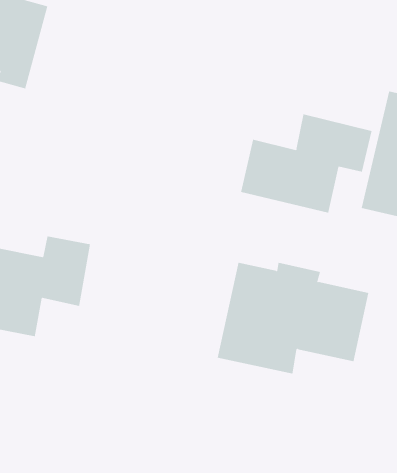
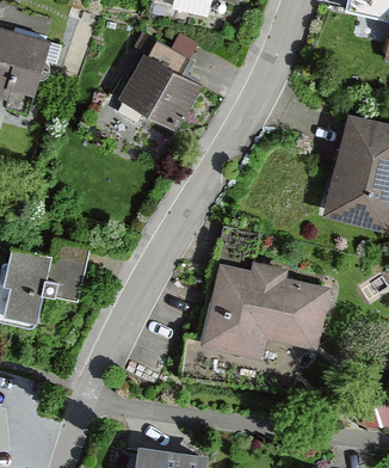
building: none -> [116,43,200,131]
building: [240,113,372,213] -> none

